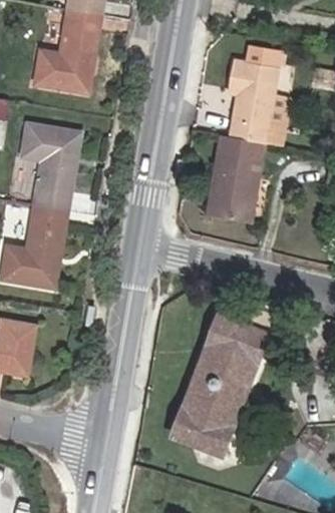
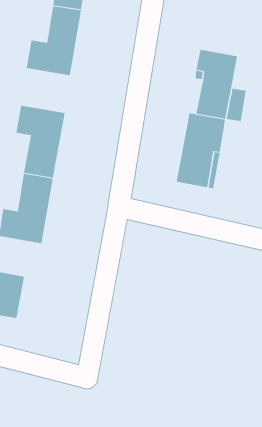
building: [170,312,275,458] -> none

